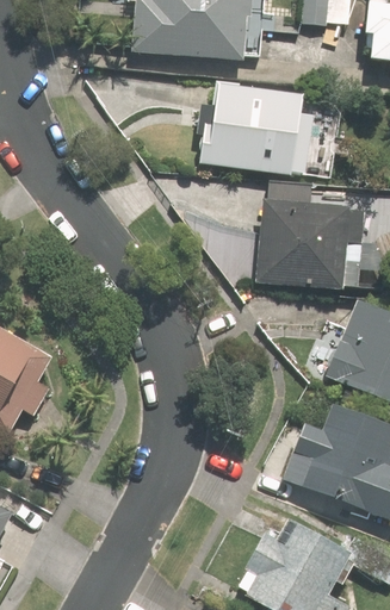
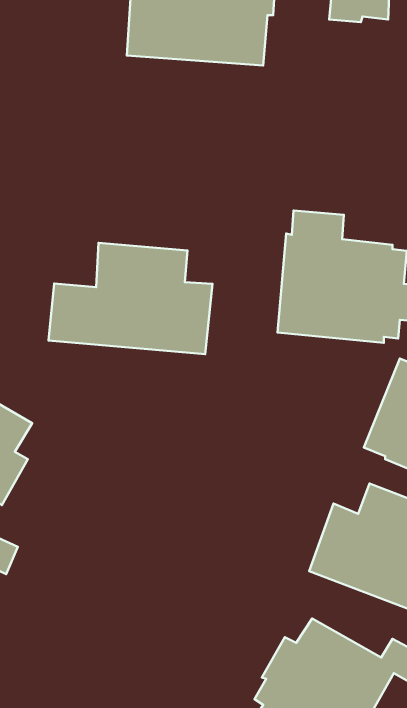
building: [196,82,312,174] -> none
building: none -> [48,243,213,354]

